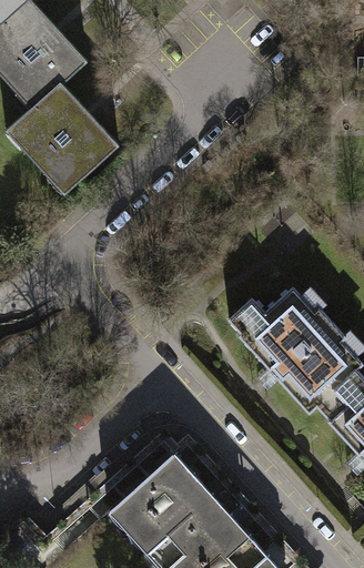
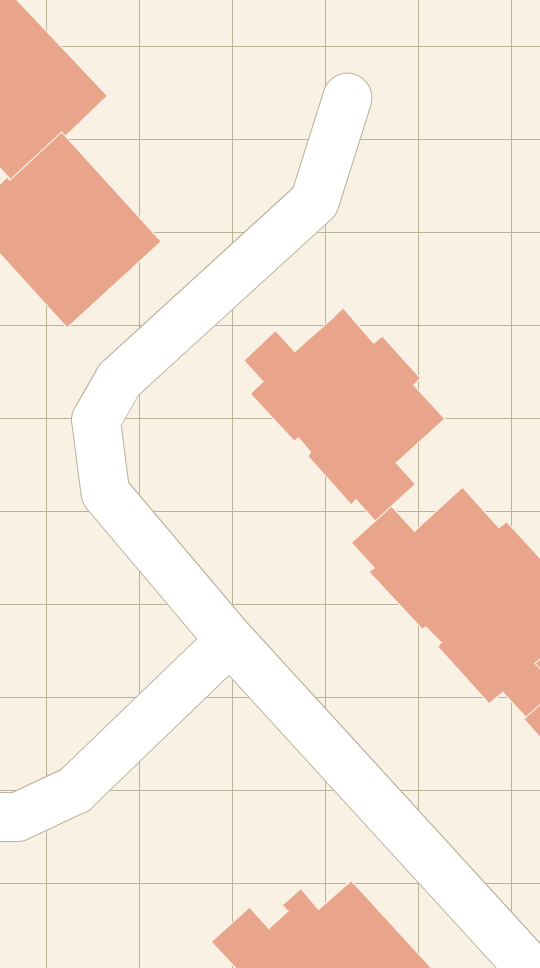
building: none -> [244,308,445,521]
building: [110,453,229,550] -> none

